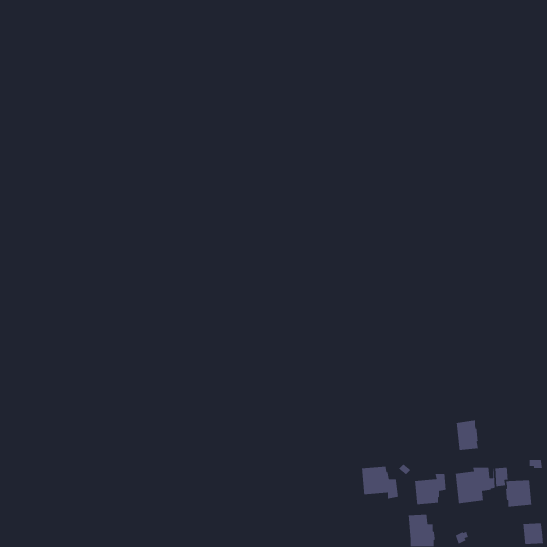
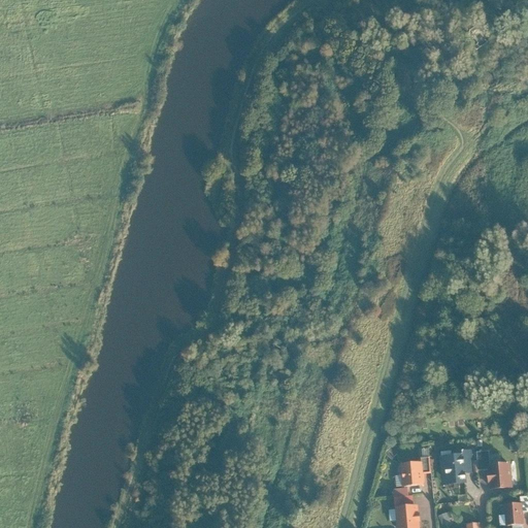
building: [456,419,479,451] -> none
building: [361,466,399,499] -> none

